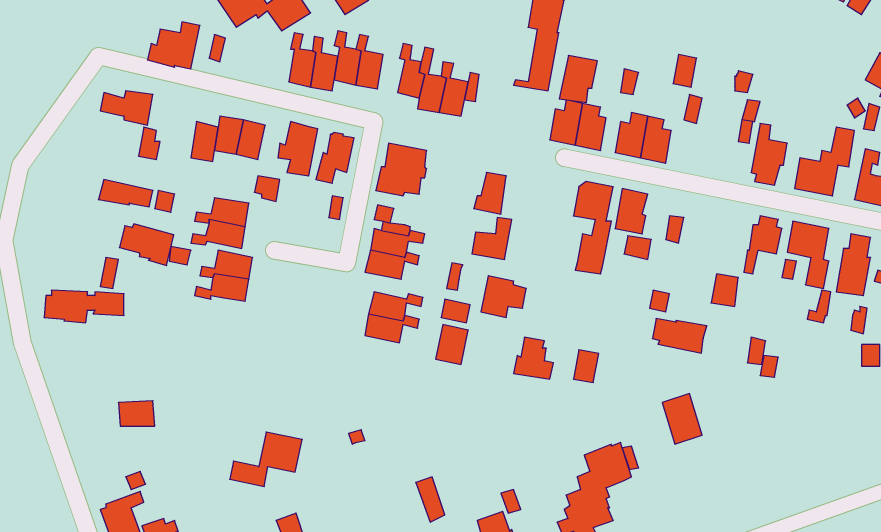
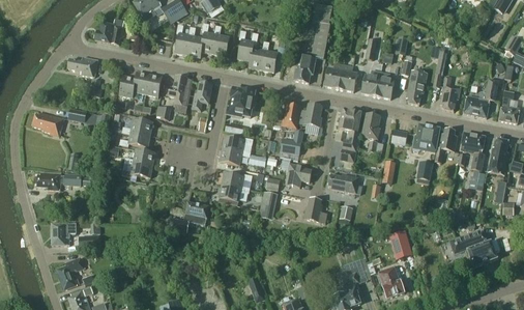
building: [559,55,597,103] -> [294,55,316,82]
building: none -> [407,69,428,104]
building: none -> [300,104,323,126]
building: none -> [413,123,440,151]
building: [119,224,174,266] -> [33,112,64,136]
building: [652,319,707,353] -> [328,173,359,193]
building: none -> [52,223,77,245]
building: none -> [450,230,500,266]
building: [230,432,302,487] -> [168,201,209,232]
building: none -> [57,256,85,289]
building: none -> [379,266,405,299]

